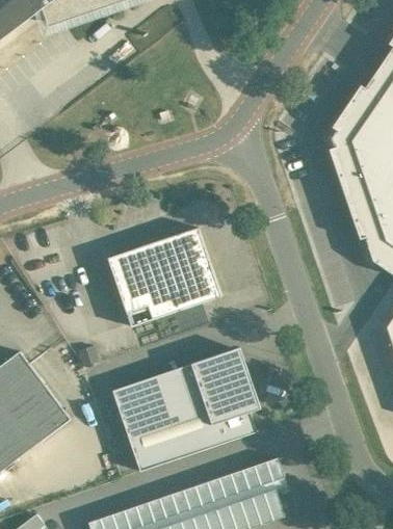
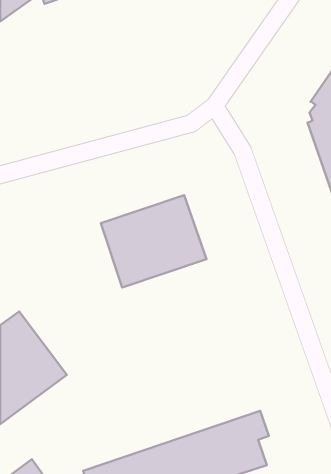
building: [112,348,257,471] -> none

